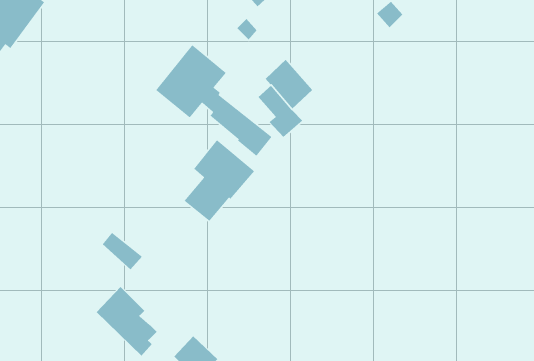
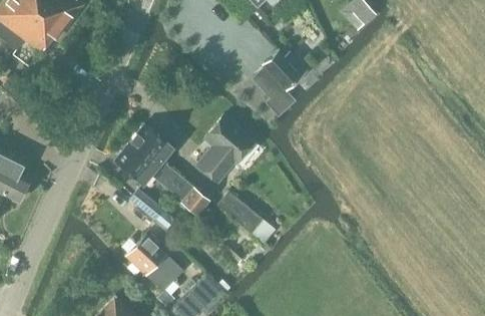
building: [155,44,273,157] -> [115,124,210,216]
building: none -> [217,192,276,245]

